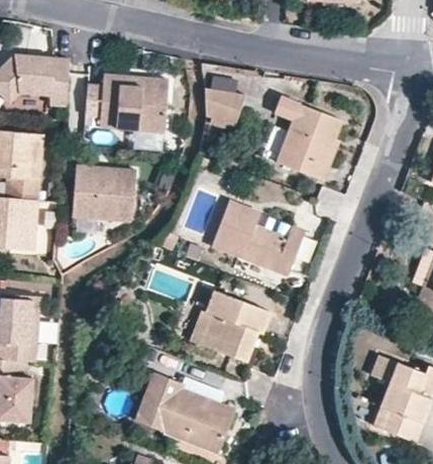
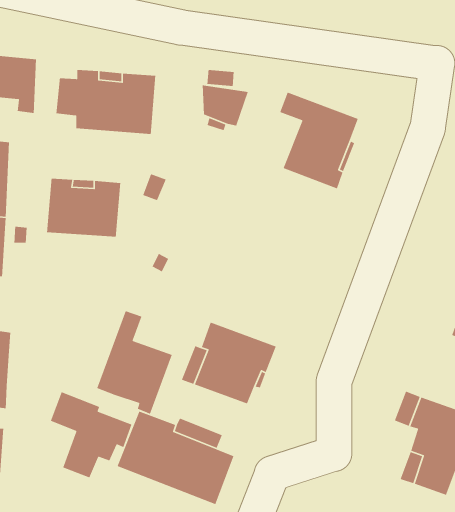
building: [211,201,307,275] -> none
building: none -> [96,310,173,415]
building: none -> [50,391,132,479]

